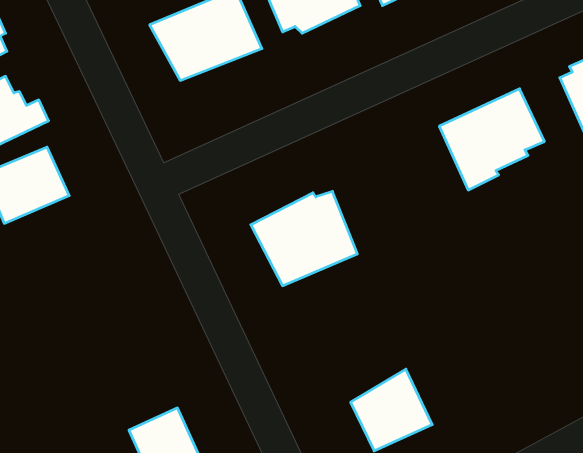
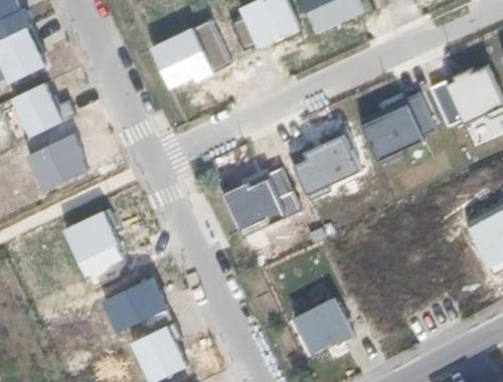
building: none -> [288,128,360,202]
building: none -> [61,211,126,281]
building: none -> [102,276,166,333]

